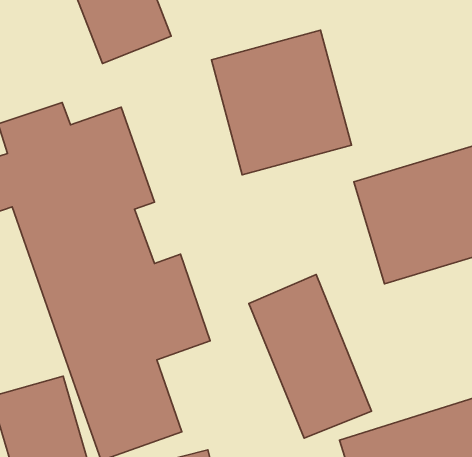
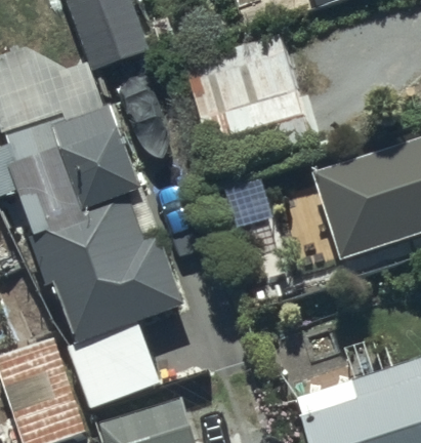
building: [249,274,371,438] -> none

